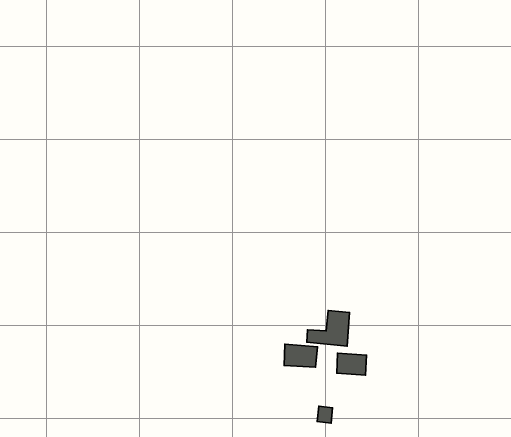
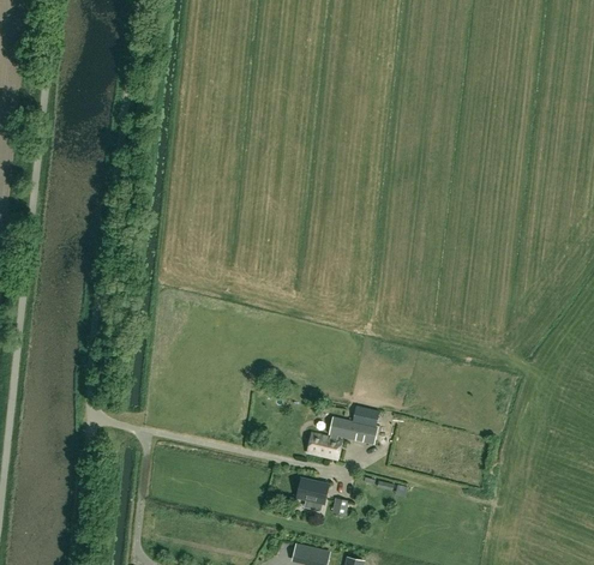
building: [337,353,366,375] -> [295,479,326,504]

